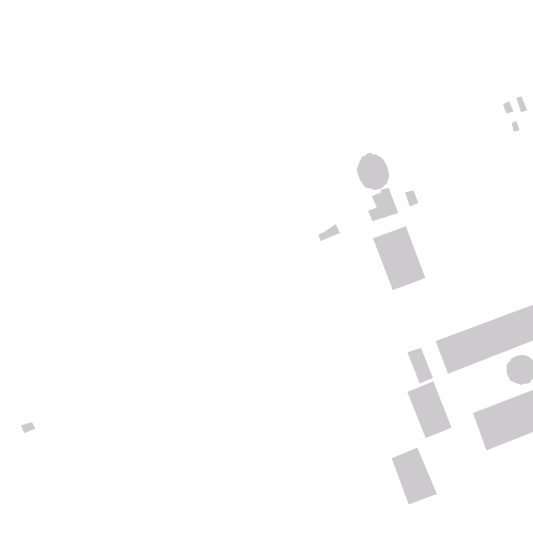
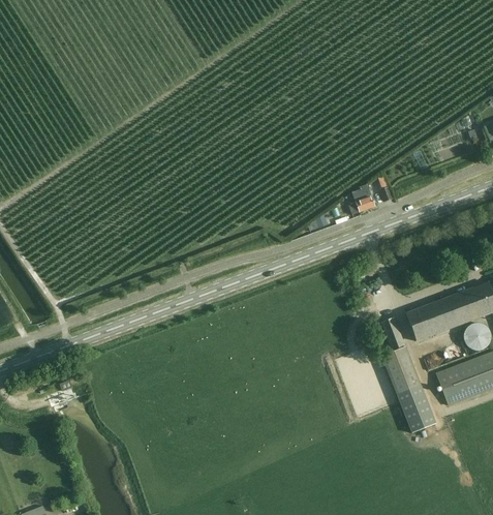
building: [356,152,390,191] -> none
building: [372,225,426,291] -> none
building: [391,447,438,505] -> [398,385,437,433]

